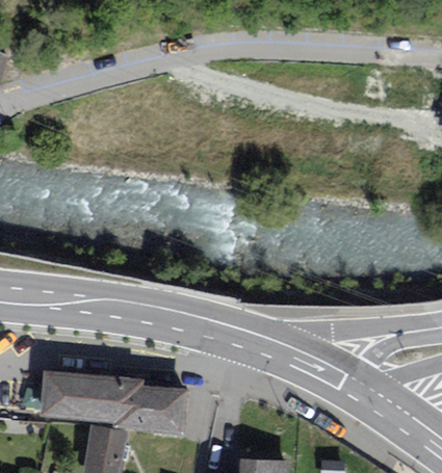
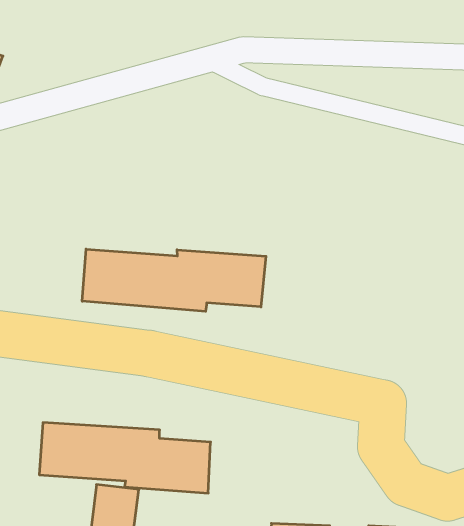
building: none -> [82,249,266,311]

